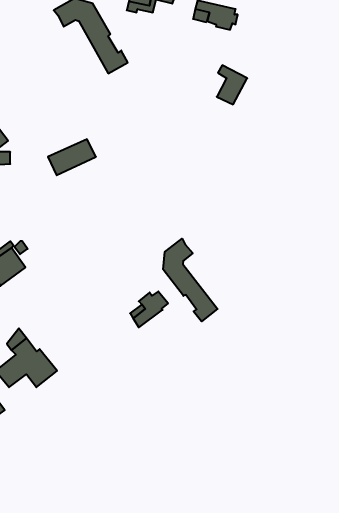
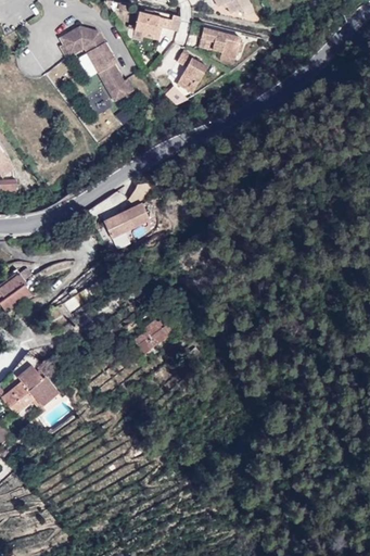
building: [217,65,247,104] -> [176,53,206,92]
building: [48,139,96,175] -> [102,203,150,239]
building: [163,239,218,321] -> none

